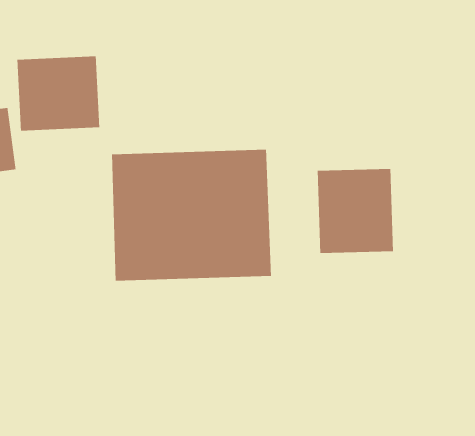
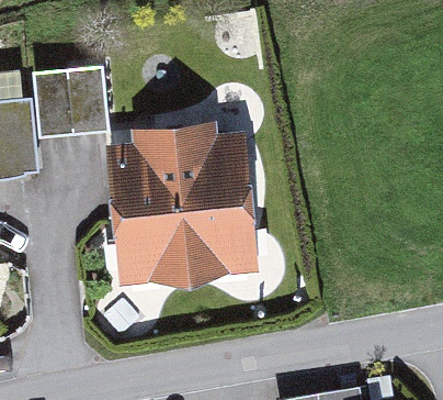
building: [317,168,394,254] -> none

